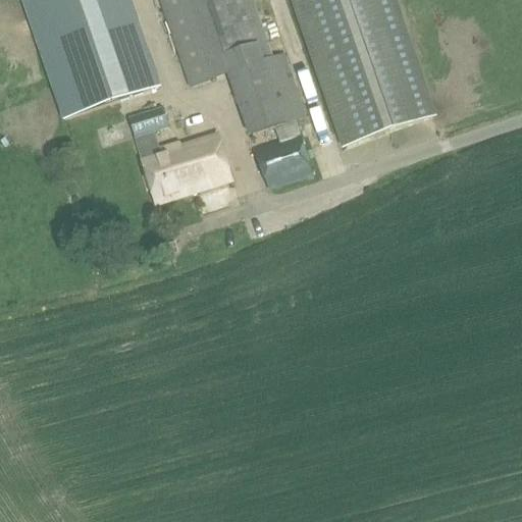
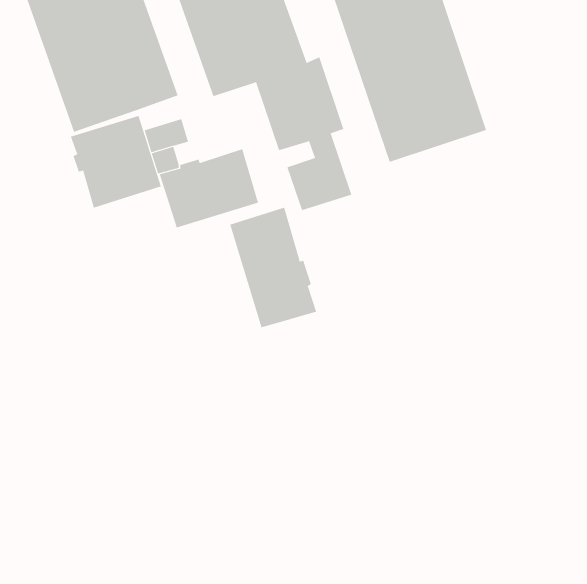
building: none -> [70,115,161,208]
building: none -> [229,207,317,328]

